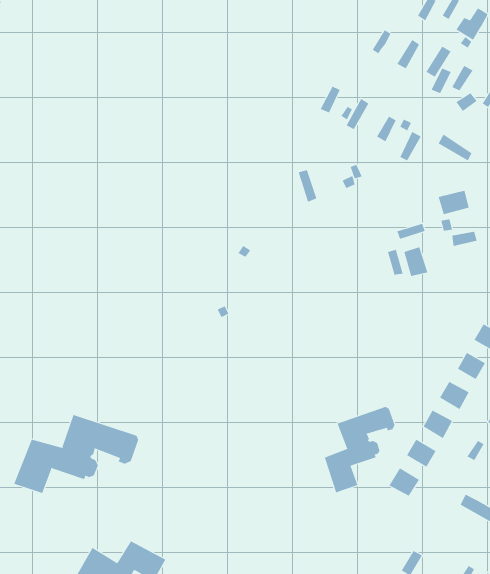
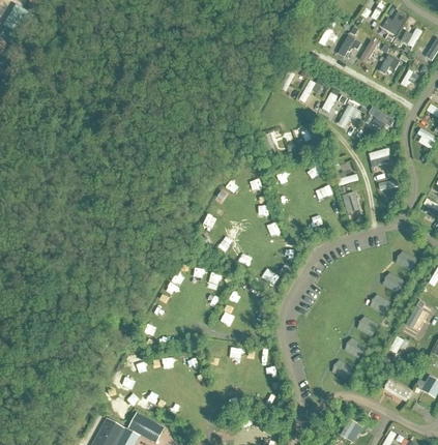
building: [324,406,395,493] -> none
building: [14,414,139,494] -> none

